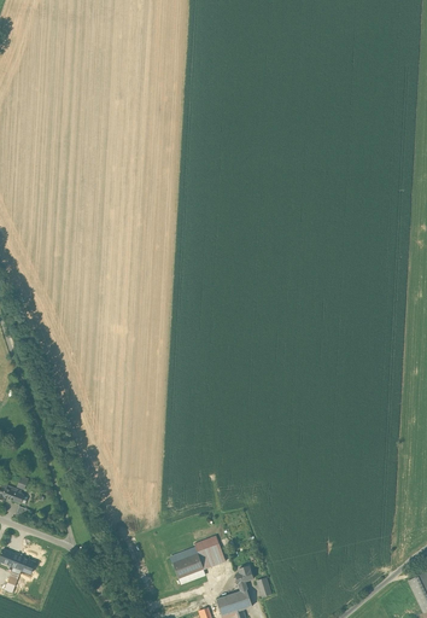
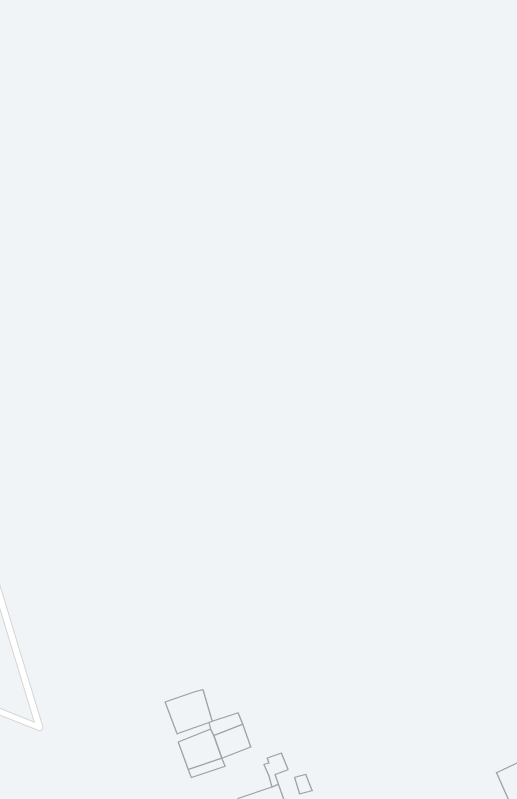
building: none -> [165,690,212,734]

